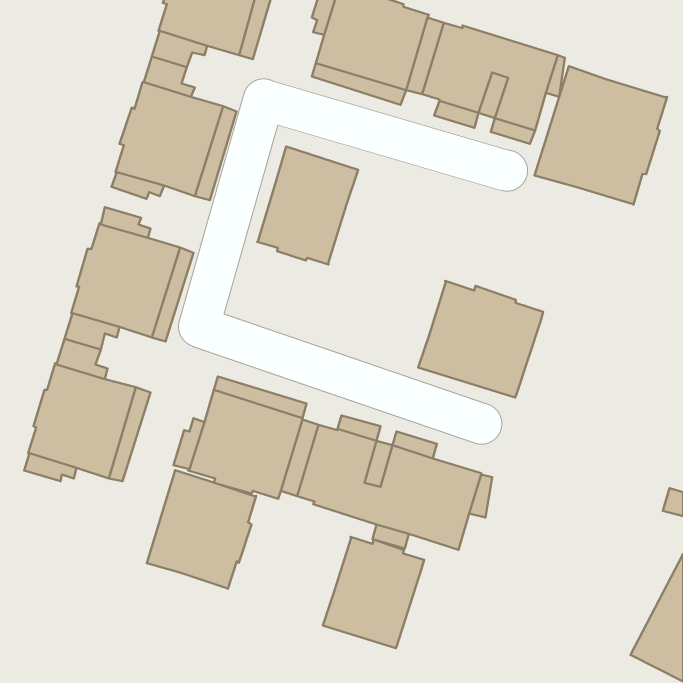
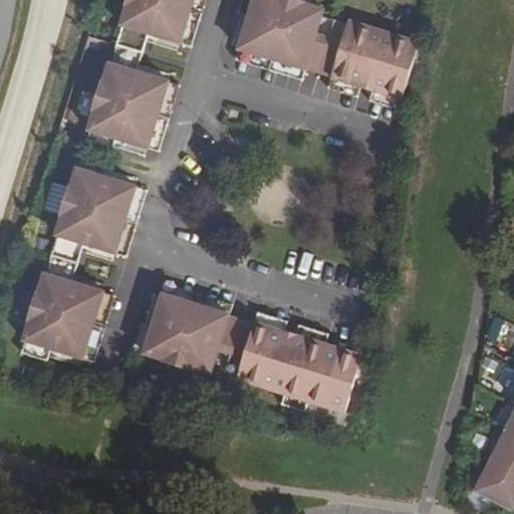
building: [534,66,667,205] -> none
building: [257,147,358,264] -> none
building: [418,281,543,397] -> none
building: [147,470,256,589] -> none
building: [323,537,424,648] -> none

